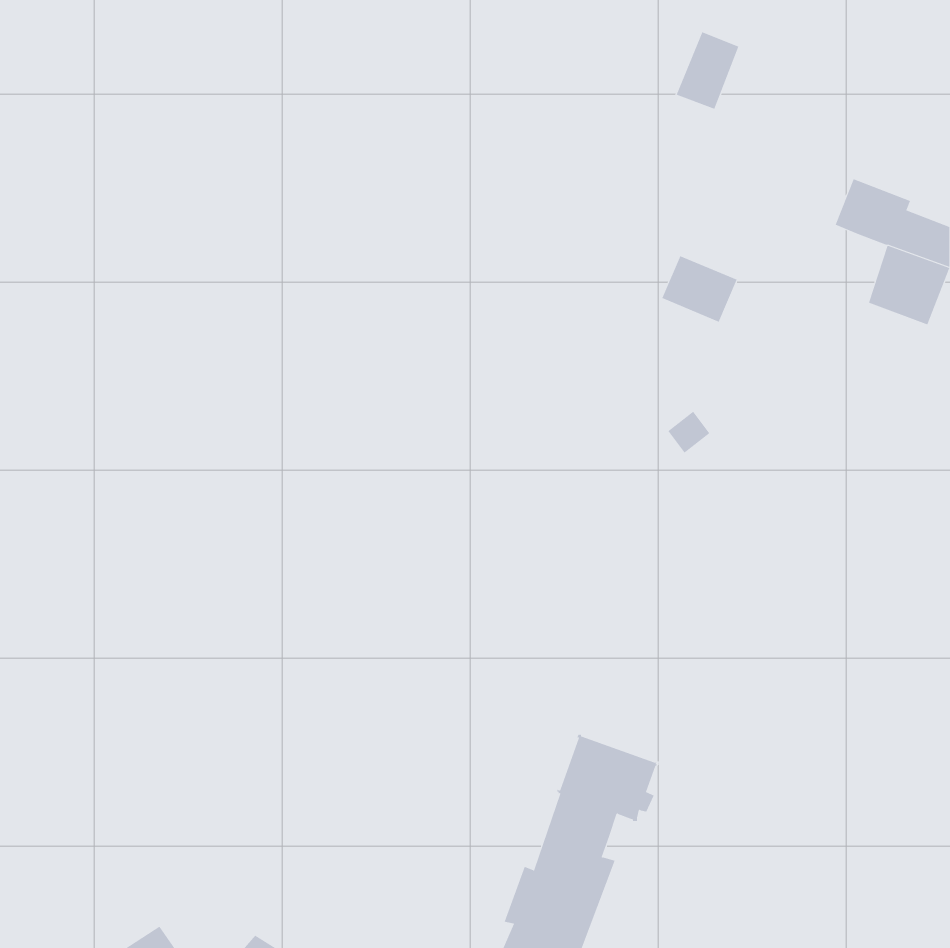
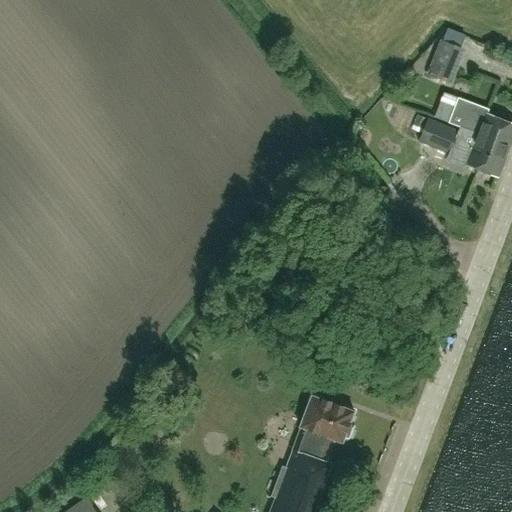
building: [676,32,739,110] -> [427,41,461,83]
building: [661,256,738,322] -> [418,120,459,156]

